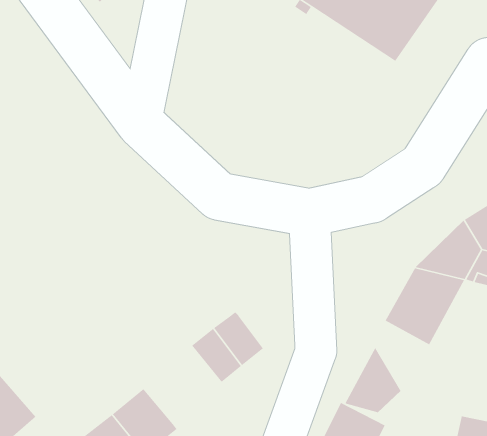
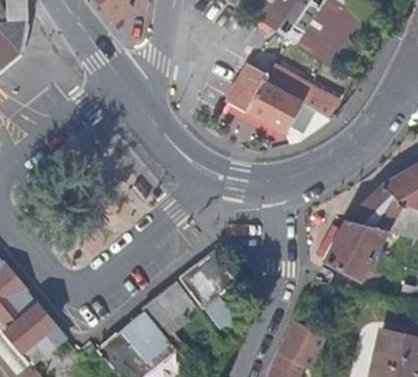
building: none -> [224,62,325,132]
building: [344,346,402,413] -> none
building: none -> [144,282,195,337]

